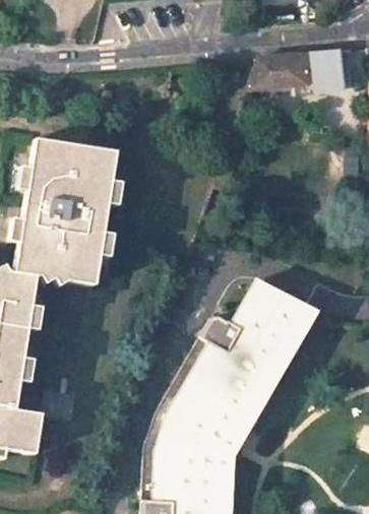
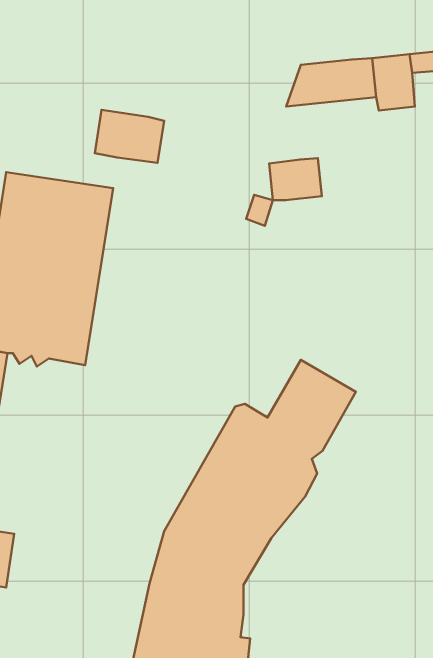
building: none -> [95,110,164,163]
building: none -> [269,158,322,200]

